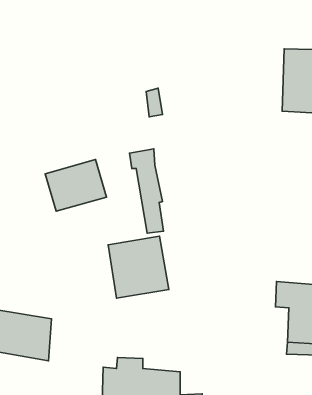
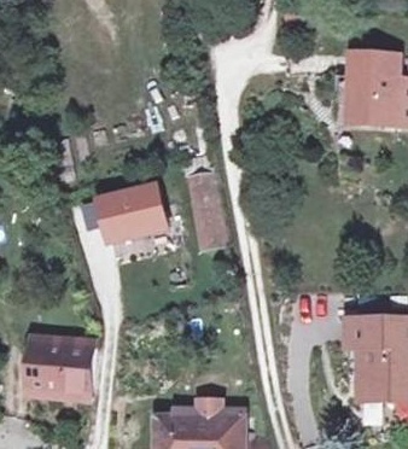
building: [108,236,169,298] -> none

